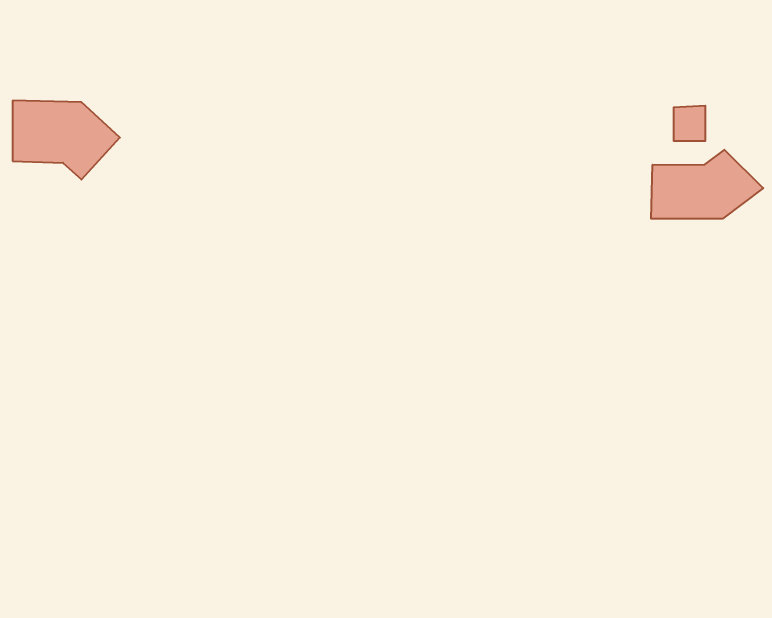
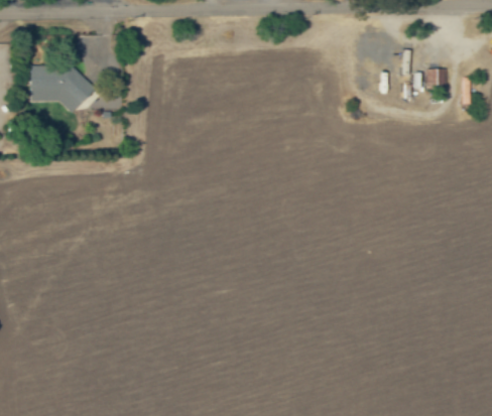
building: [651,150,763,219] -> none

